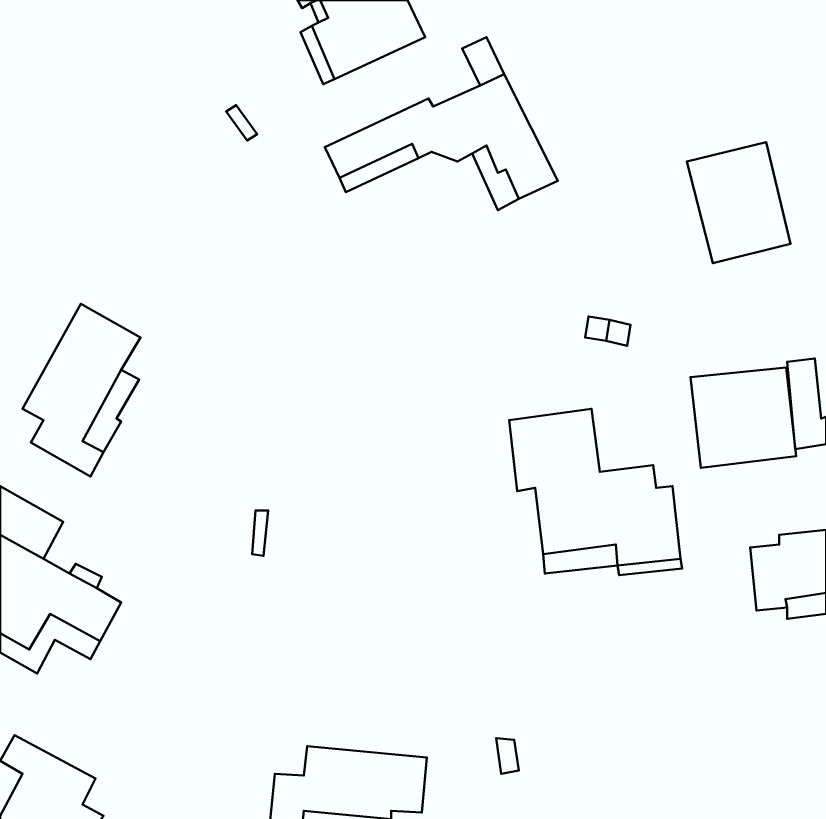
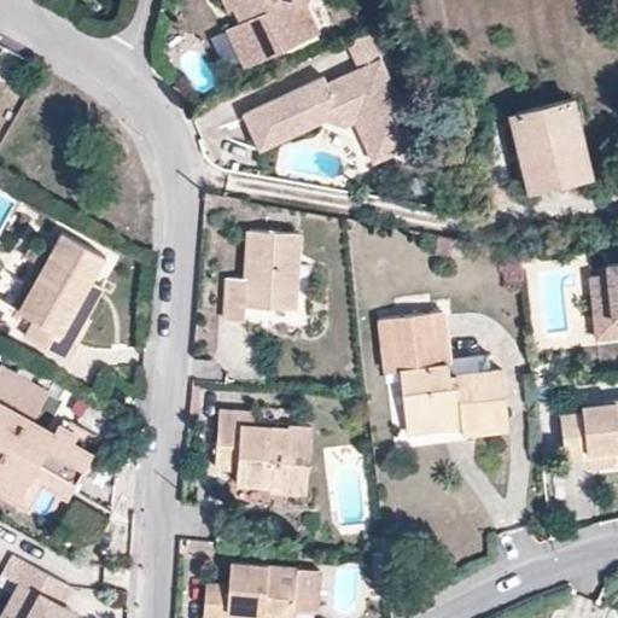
building: none -> [221,237,301,327]
building: [691,367,796,468] -> none
building: none -> [214,410,310,494]

